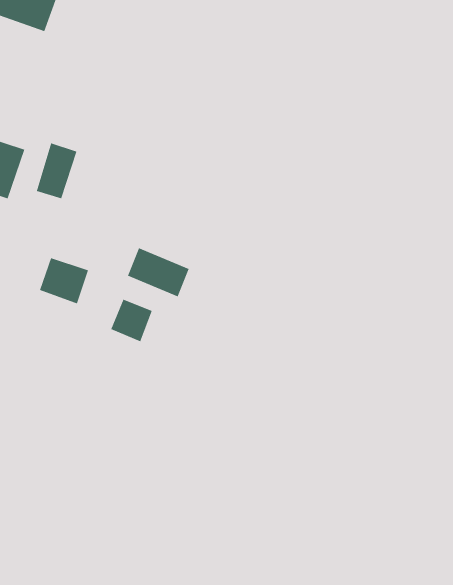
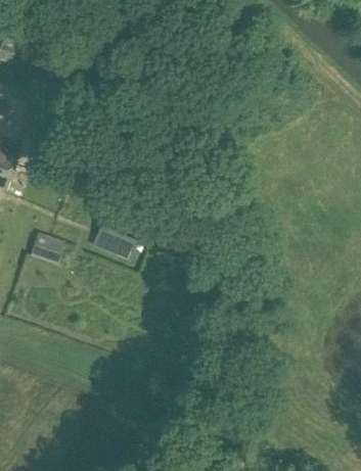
building: [36,142,77,199] -> none
building: [110,299,152,342] -> none

